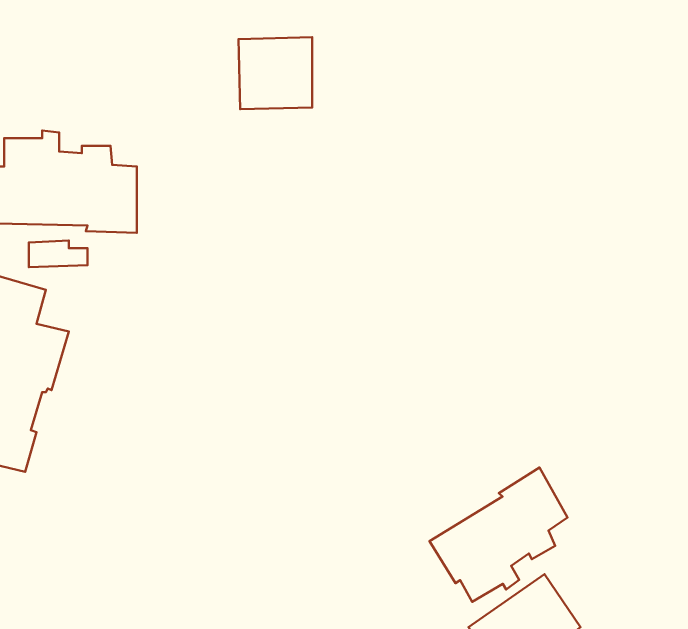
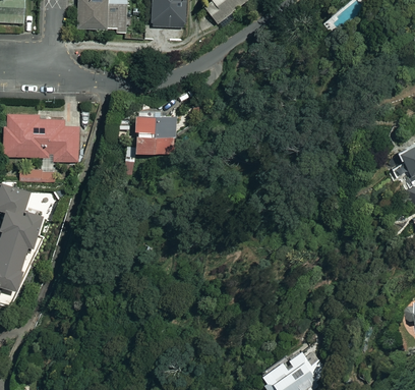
building: [238,37,312,109] -> [135,114,175,153]
building: [430,467,568,602] -> none

